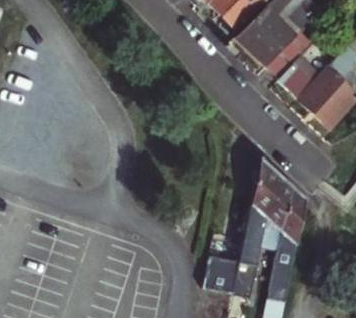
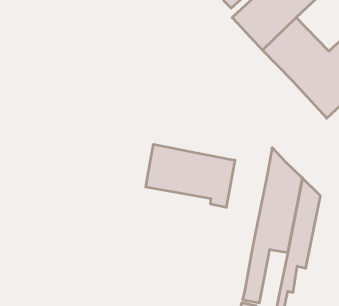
building: none -> [146,144,235,207]
building: [212,250,248,291] -> none

